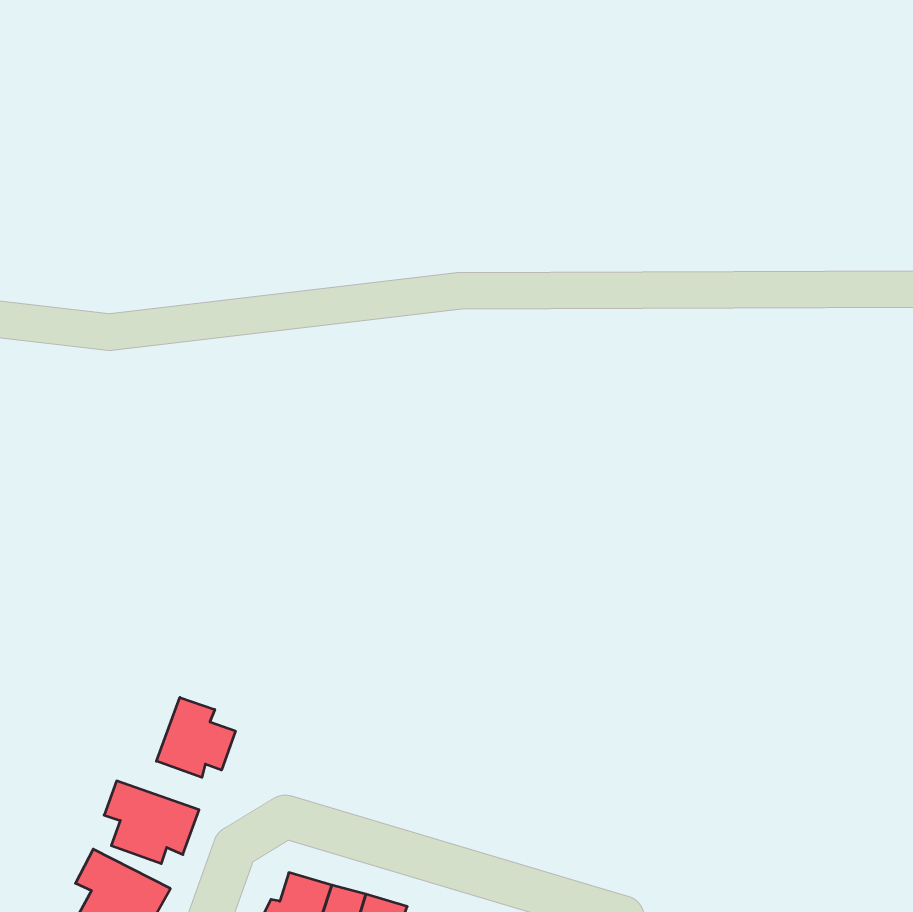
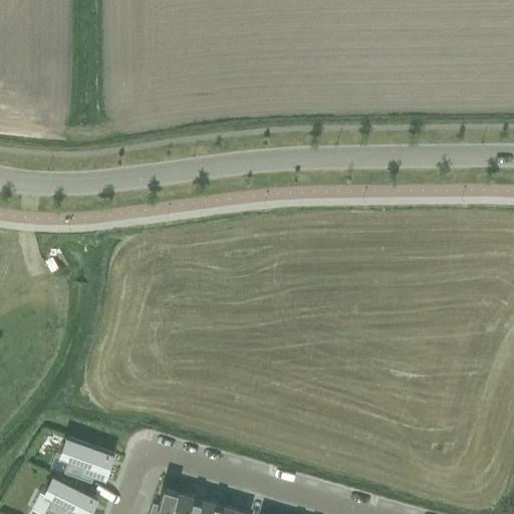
building: [156,697,235,777] -> none

